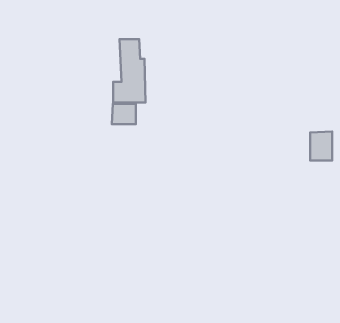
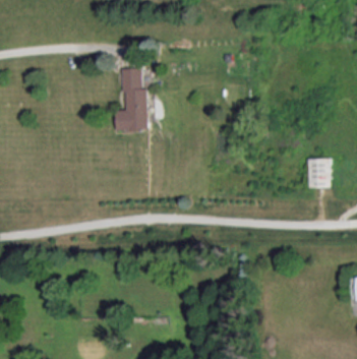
building: [112,104,136,124] -> none

